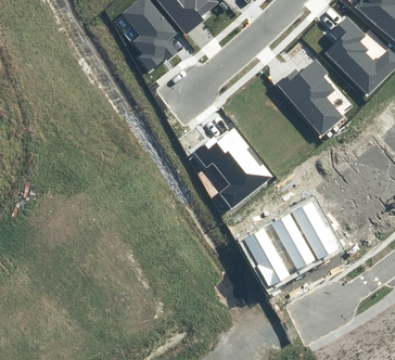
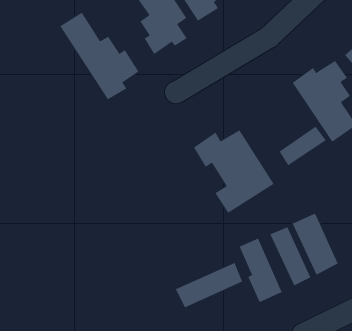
building: none -> [60,12,139,100]
building: none -> [279,126,326,166]
building: none -> [175,262,243,308]

